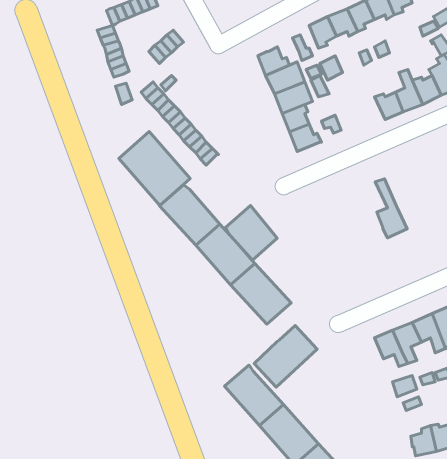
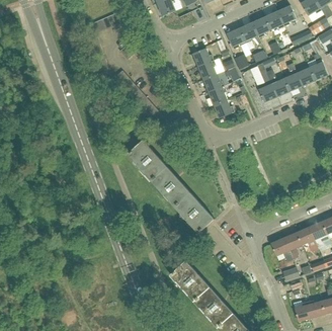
building: [119,132,190,205] -> none
building: [375,179,407,238] -> [256,63,277,102]
building: [226,206,277,260] -> none
building: [254,326,317,387] -> none

